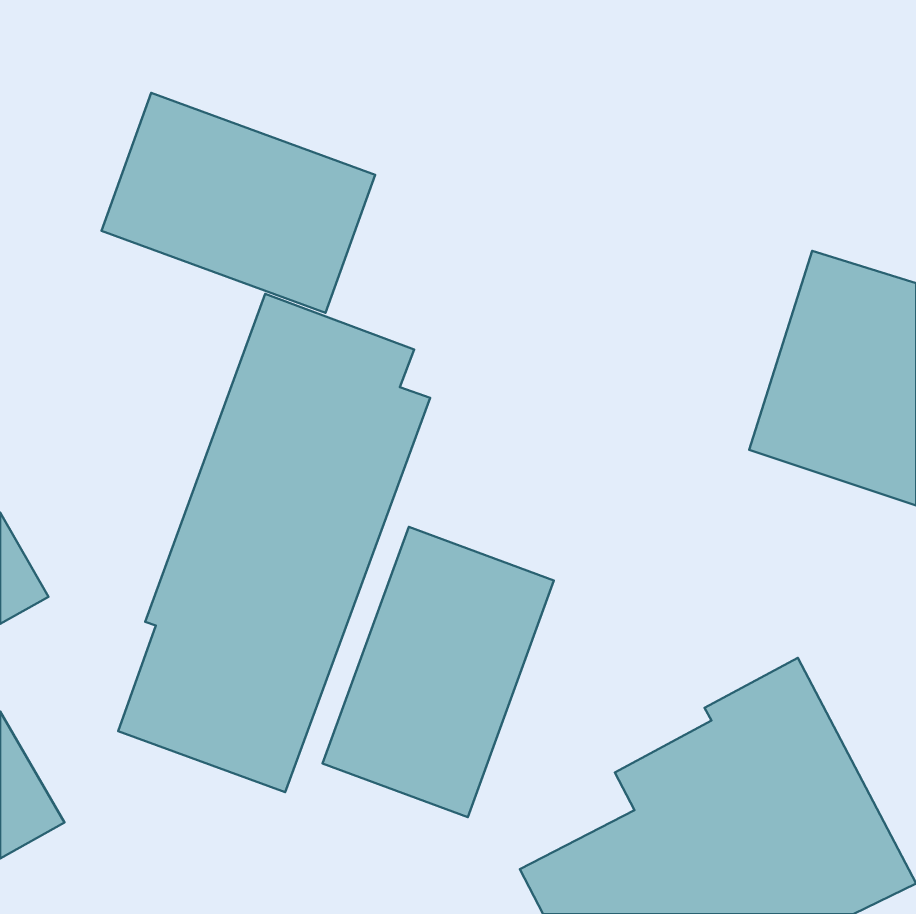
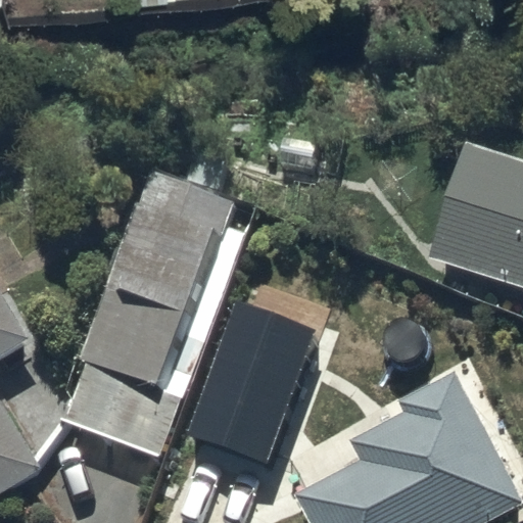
building: [101,93,375,313] -> none

